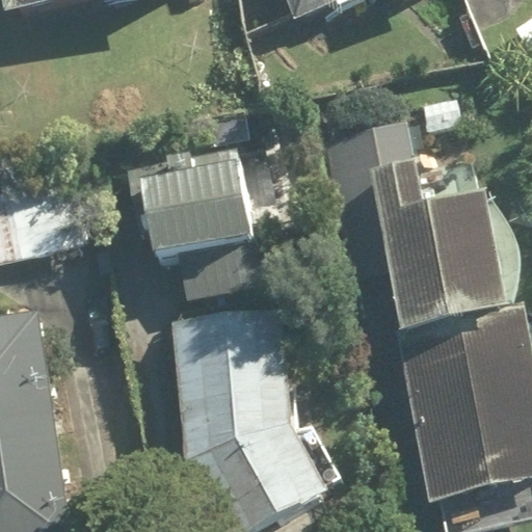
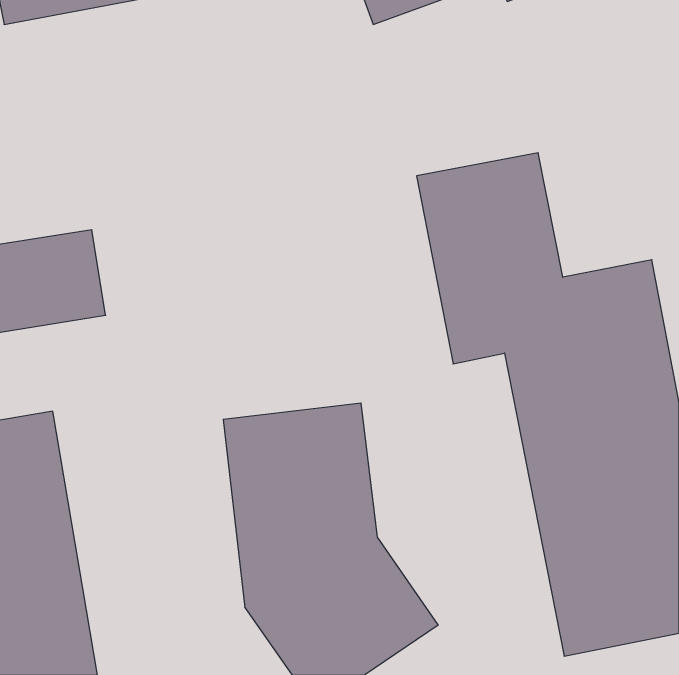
building: [128,142,265,258] -> none

